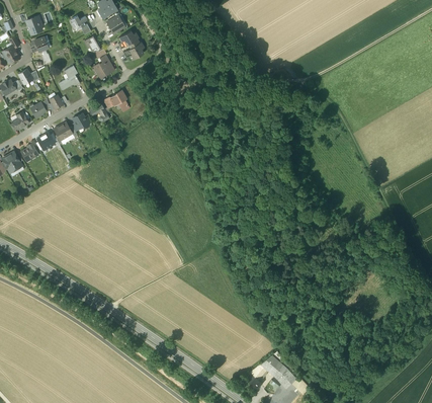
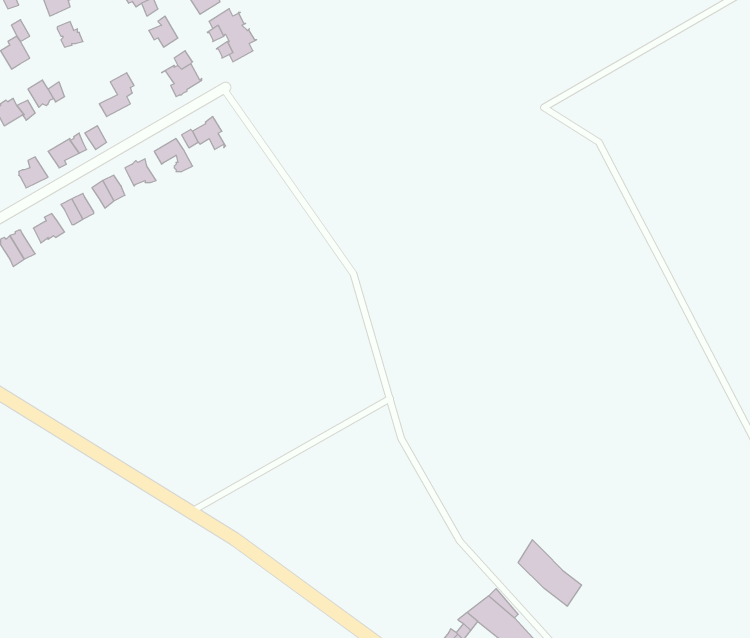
building: none -> [518,540,582,606]

